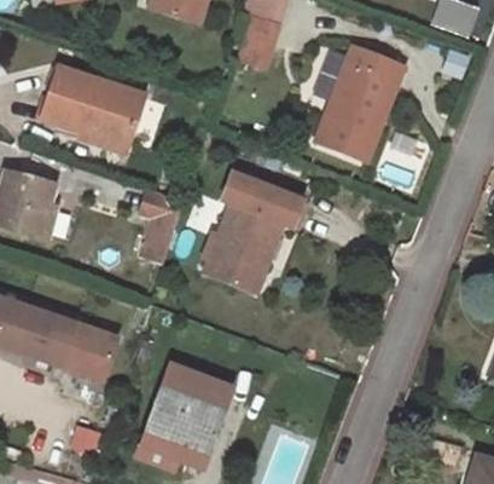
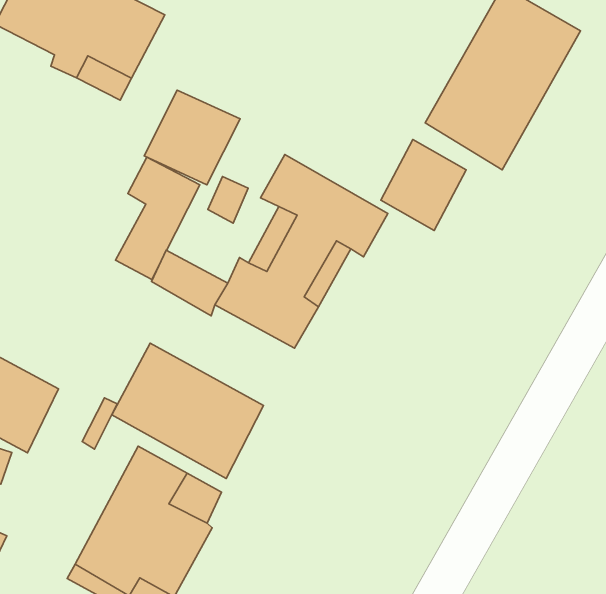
building: none -> [144,90,240,185]
building: none -> [381,139,466,231]
building: none -> [112,343,264,479]

